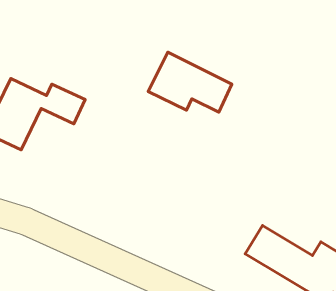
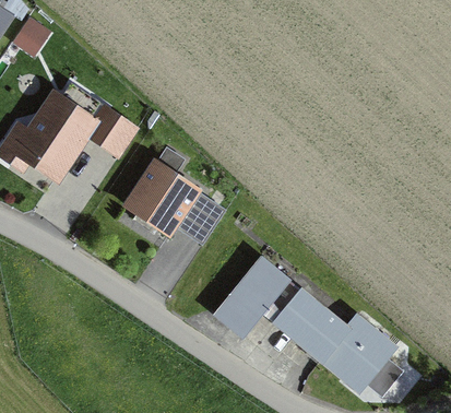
building: [148,52,232,112] -> [127,163,216,235]
building: none -> [214,261,276,329]

